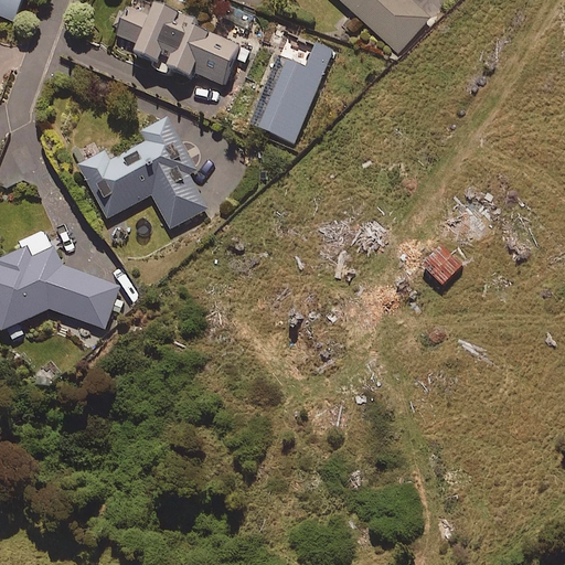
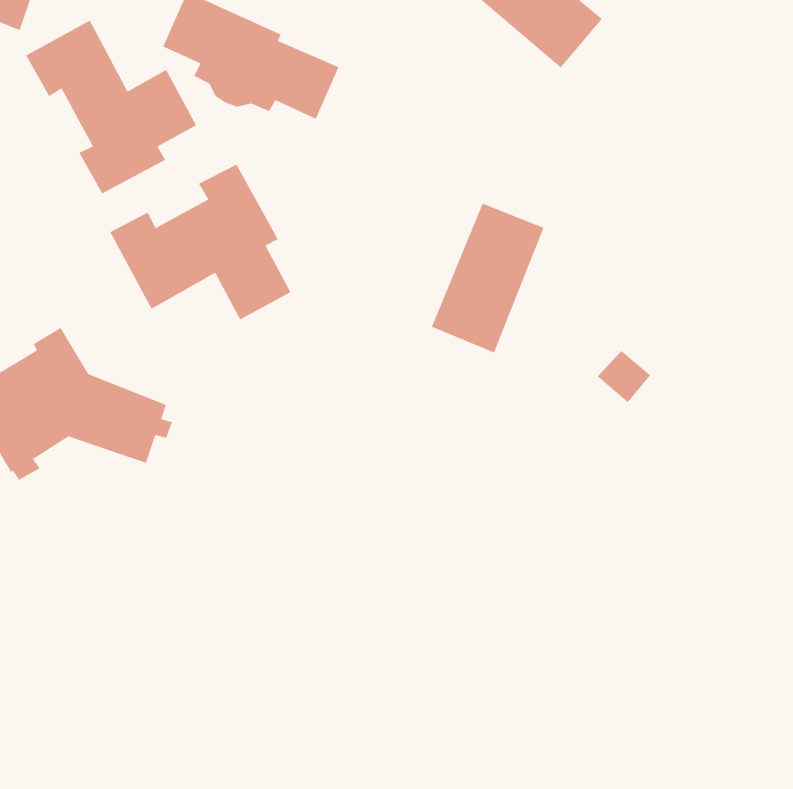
building: none -> [25,20,197,195]
building: [248,35,329,142] -> [431,203,545,354]

